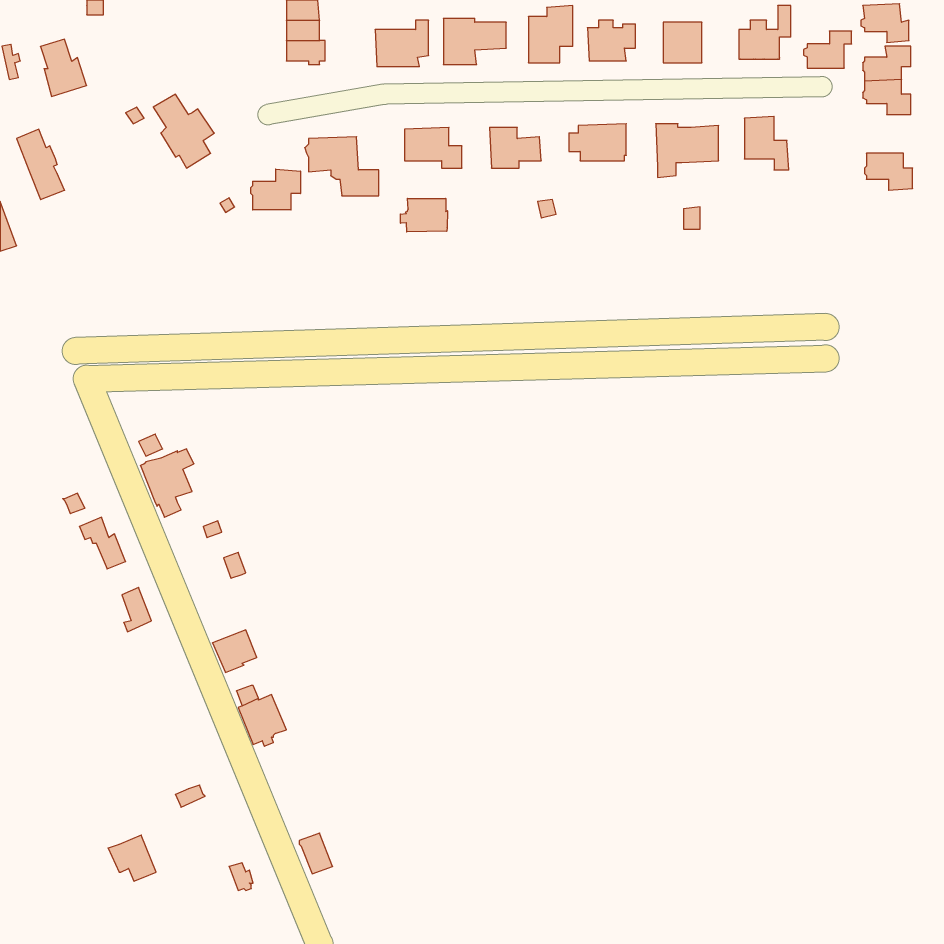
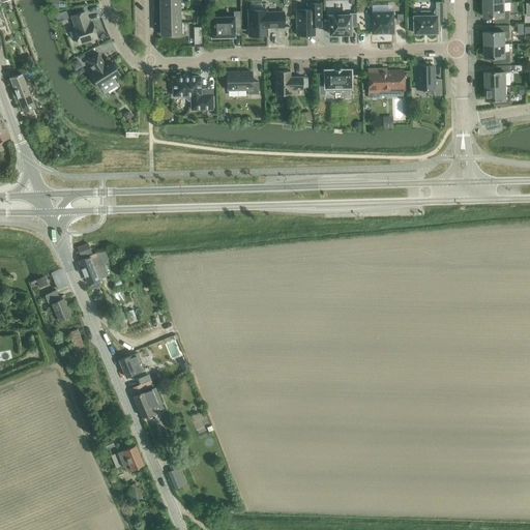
building: [804,31,852,68] -> [483,65,510,86]
building: [40,39,87,96] -> [71,11,97,43]
building: [251,169,300,210] -> none
building: [400,198,447,232] -> none
building: [108,835,156,881] -> [117,445,144,471]

